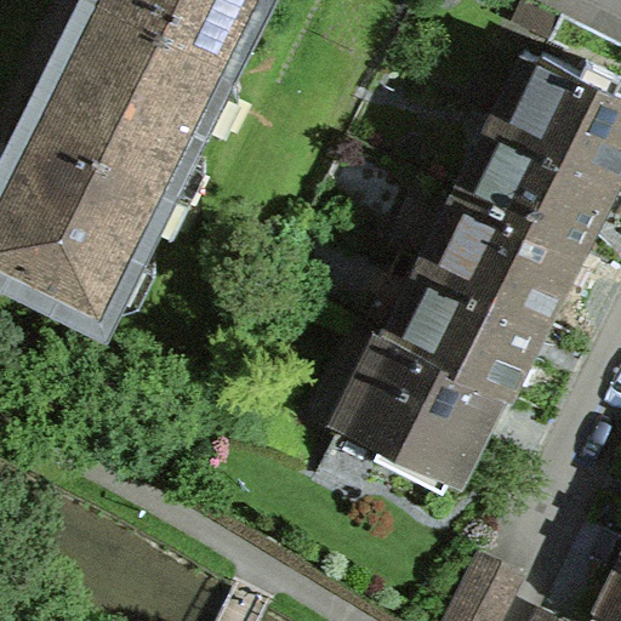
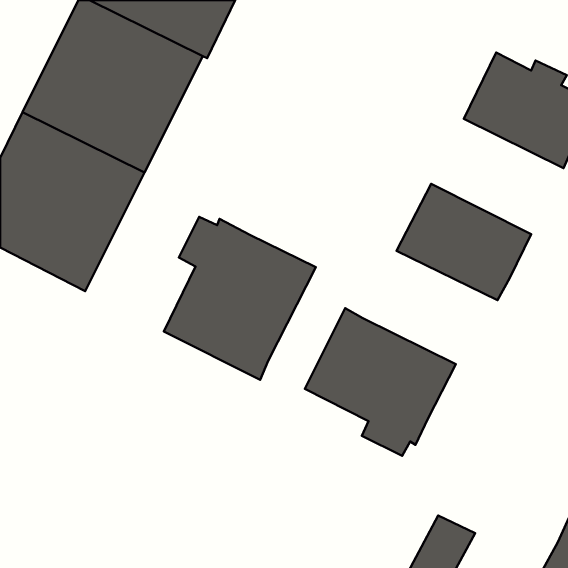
building: [472,133,615,258] -> none
building: none -> [164,217,316,380]
building: [398,277,543,403] -> none

